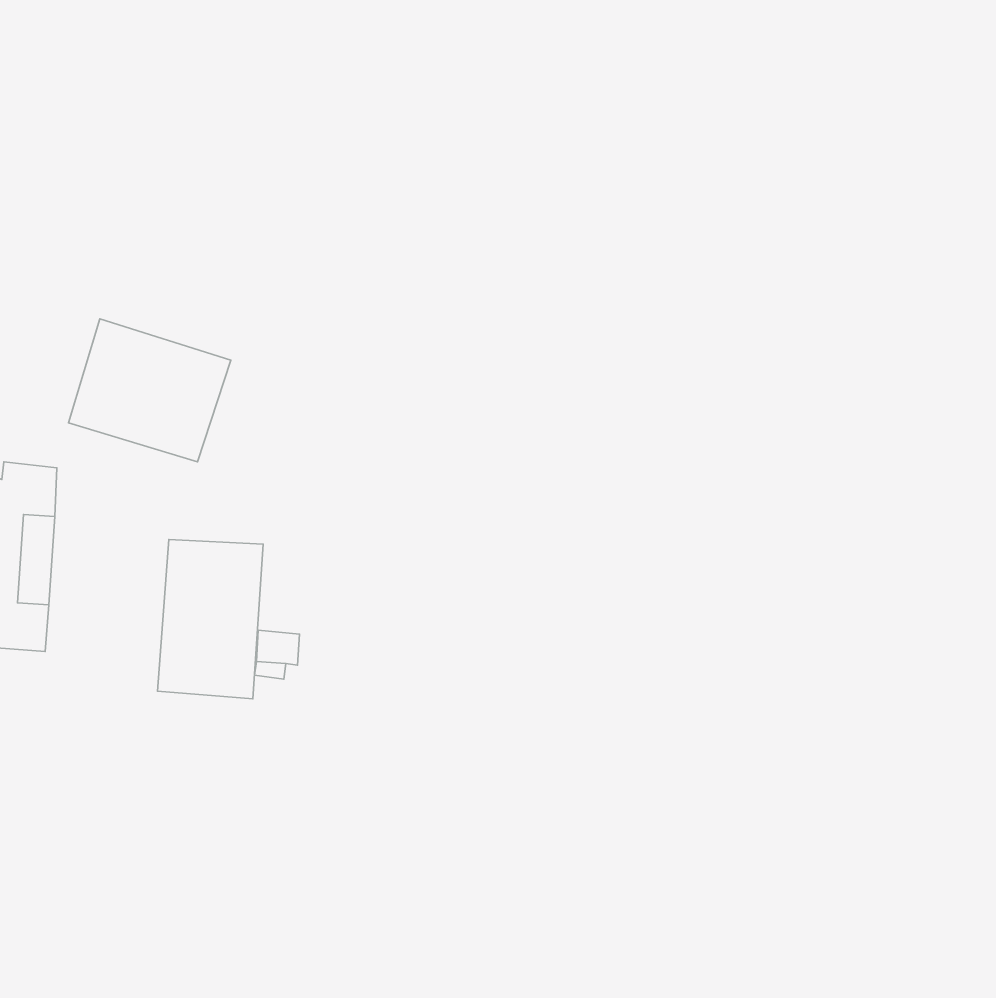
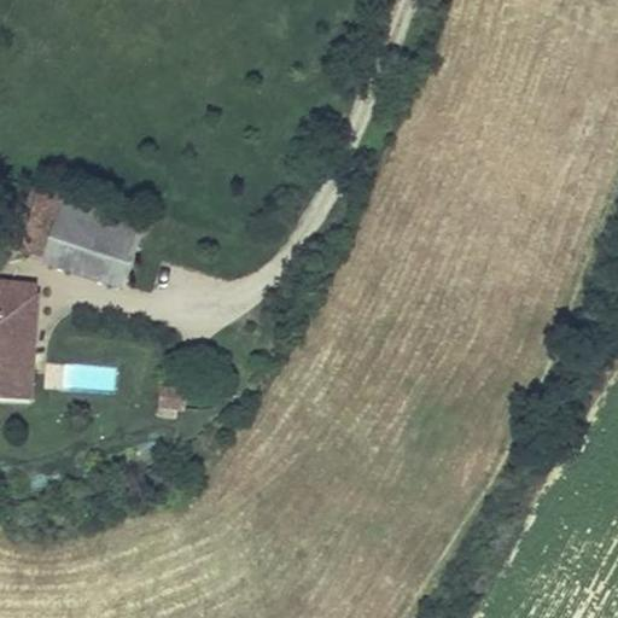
building: [158,540,263,699] -> none

